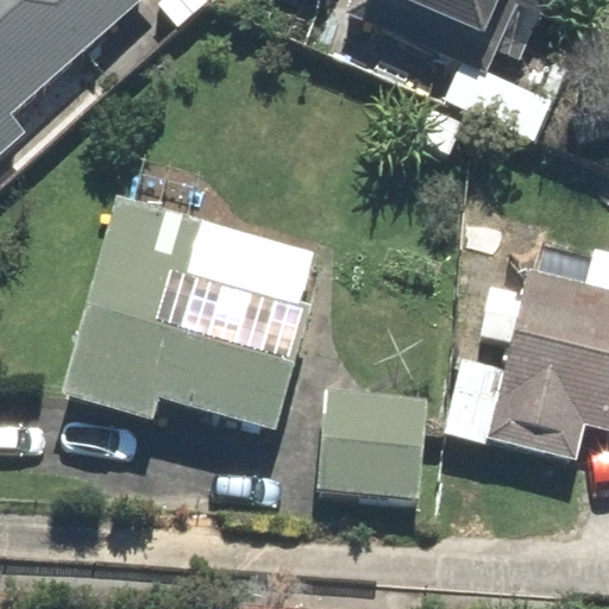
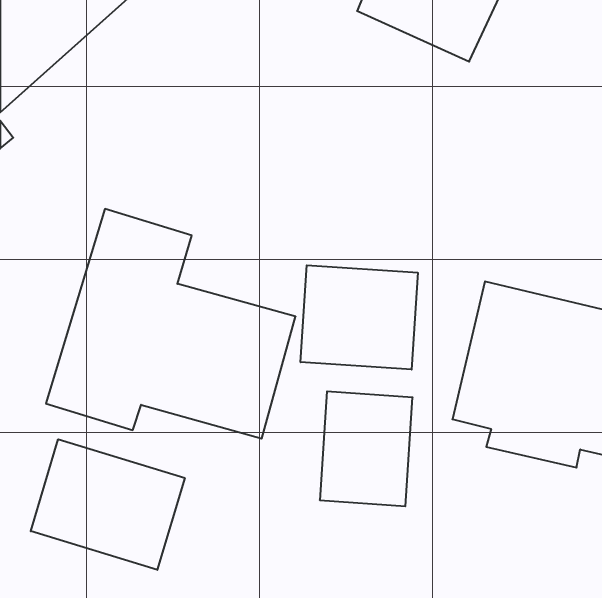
building: none -> [301,265,418,370]
building: none -> [31,439,185,570]

